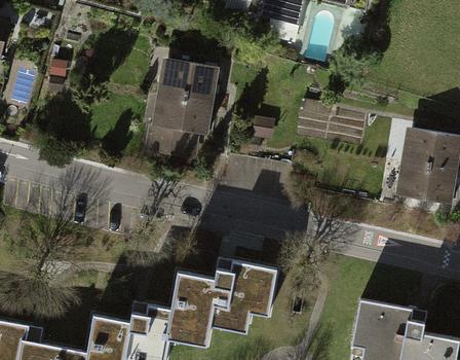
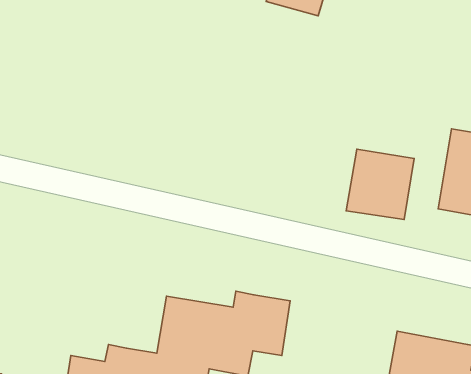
building: [149,59,221,160] -> none
building: none -> [346,149,414,220]

